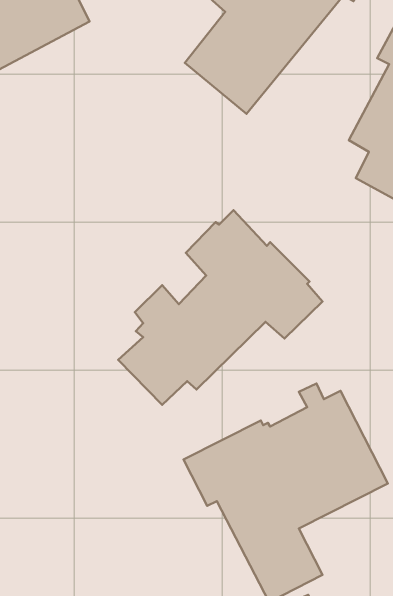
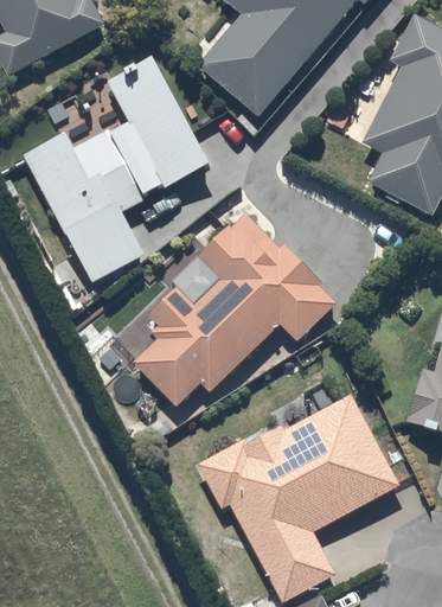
building: none -> [23,56,210,282]

